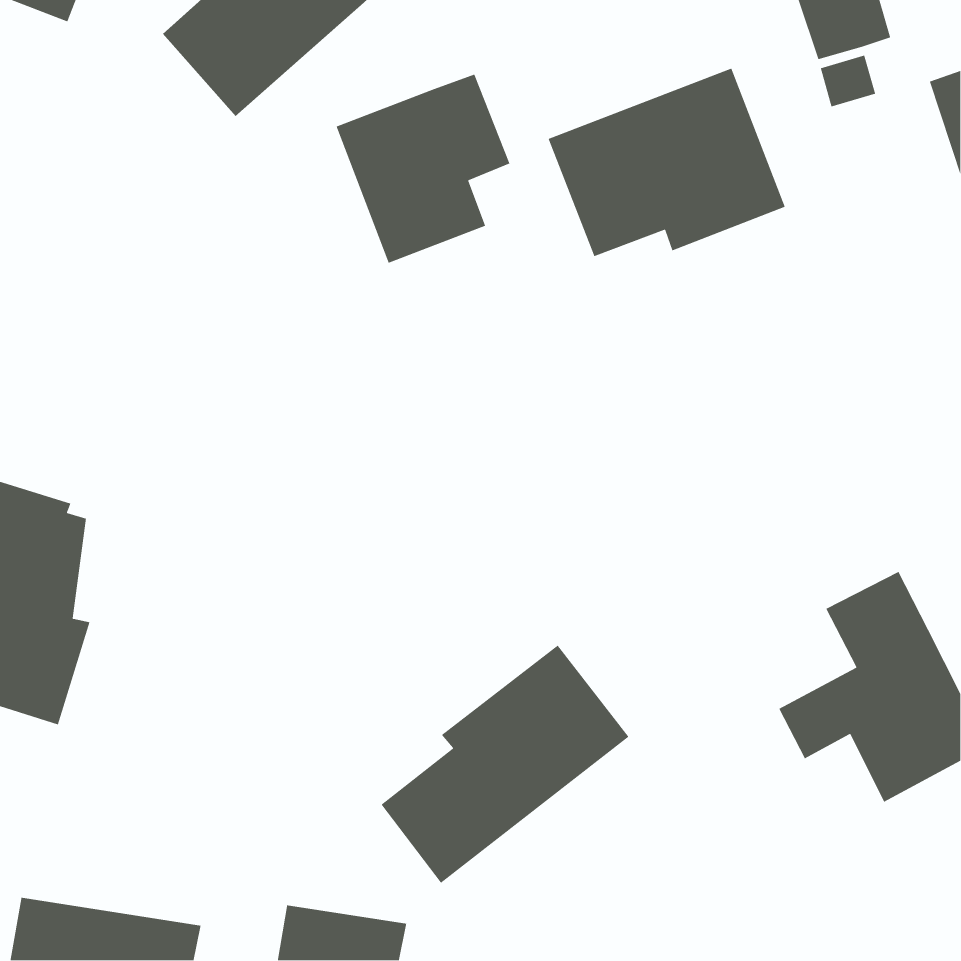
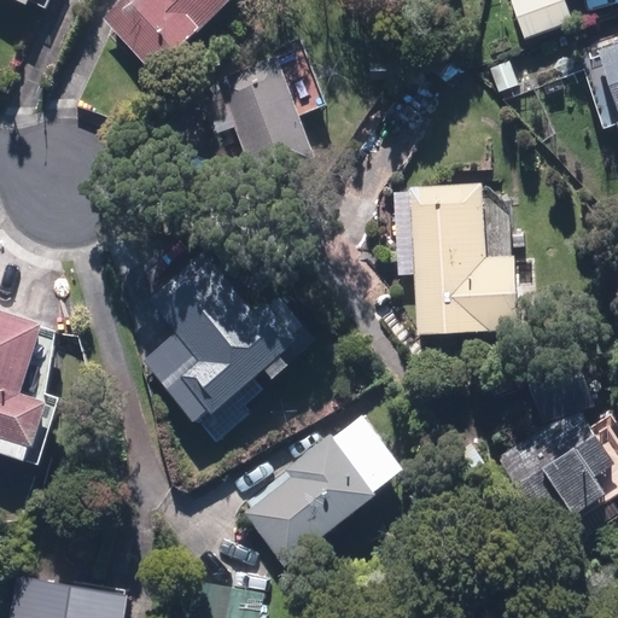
building: [547,67,786,257] -> none
building: none -> [412,185,515,331]
building: none -> [144,252,307,448]

